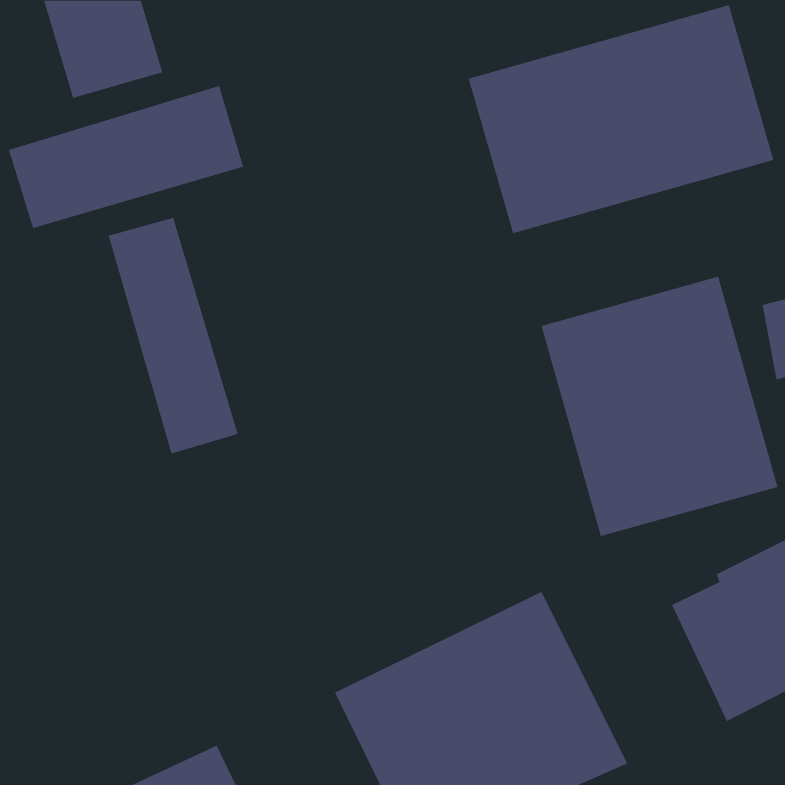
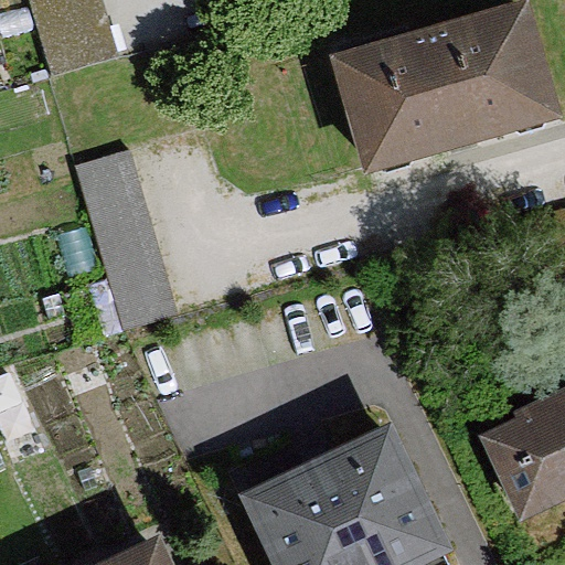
building: [8,85,244,229] -> none
building: [541,276,778,537] -> none

